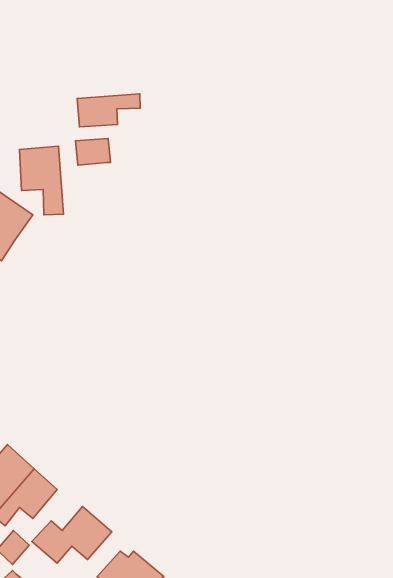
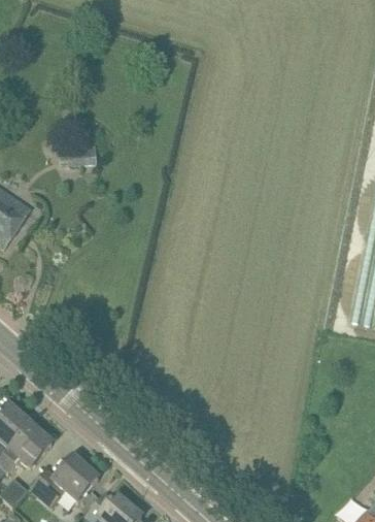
building: [77,94,140,127] -> none
building: [20,146,64,215] -> none

